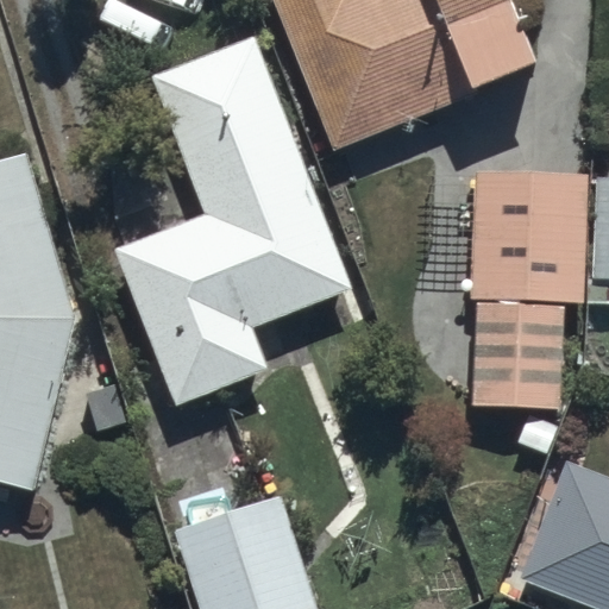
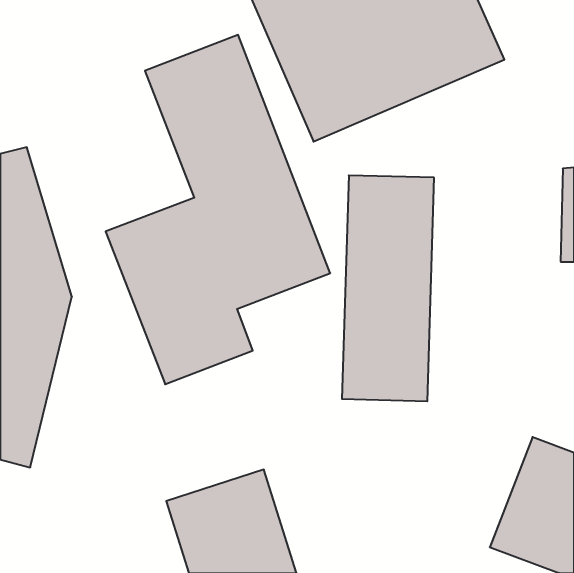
building: [465,169,563,408] -> [342,175,434,401]

